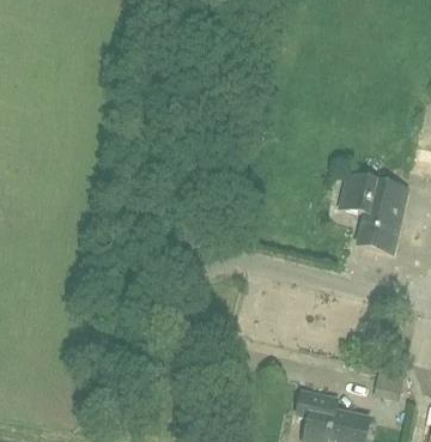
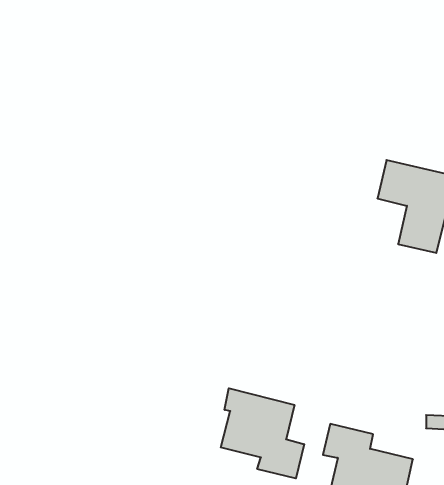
building: none -> [221,388,304,478]

